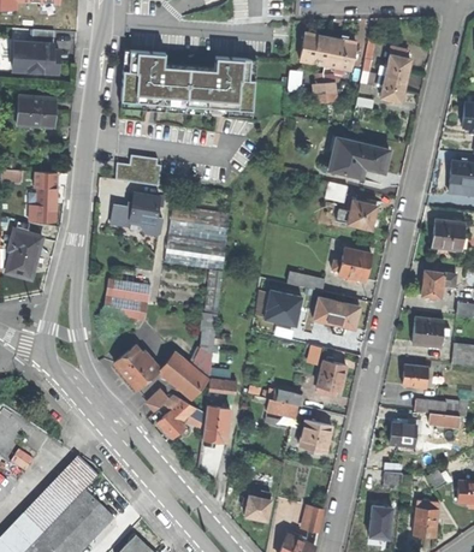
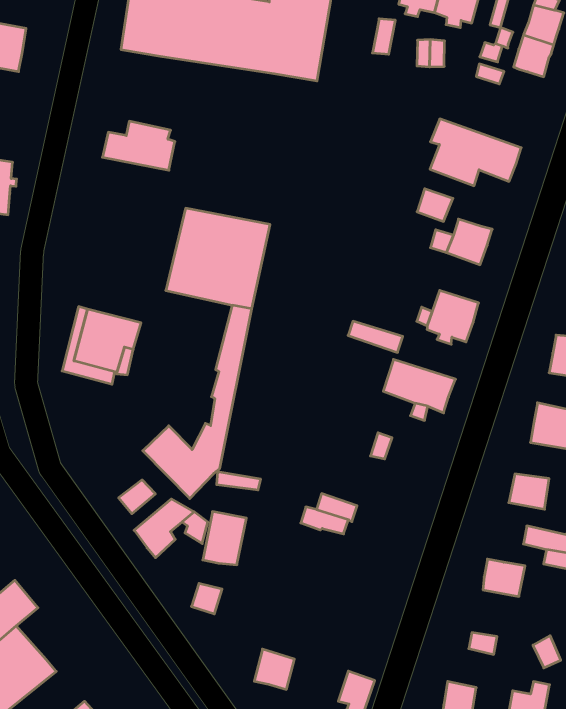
building: [109,192,162,235] -> none
building: [263,290,301,324] -> none
building: [112,346,155,390] -> none
building: [318,360,345,390] -> none
building: [300,419,331,451] -> none

